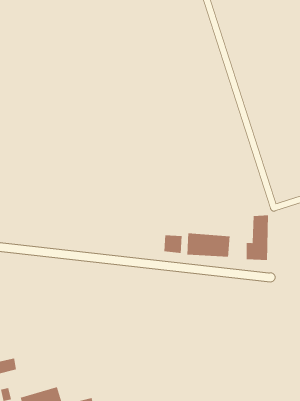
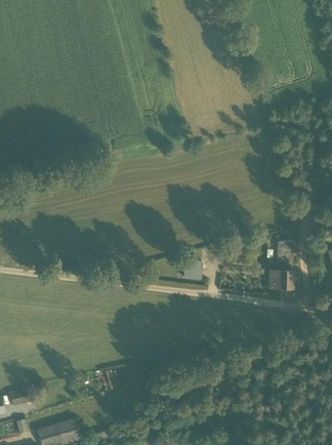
building: [187,232,230,258] -> none

